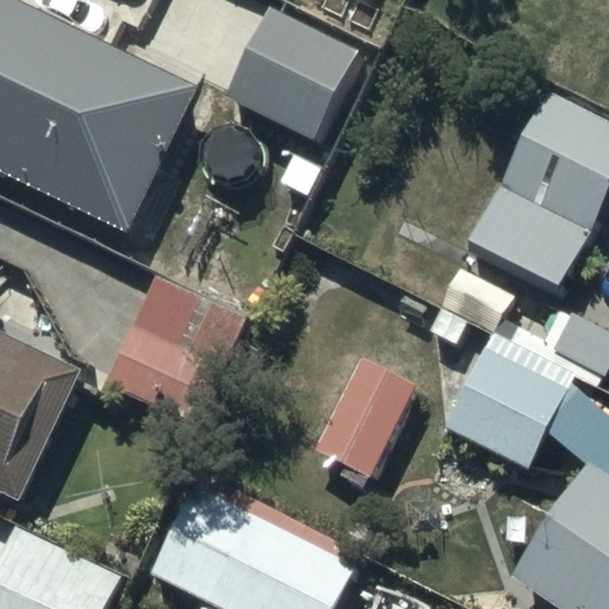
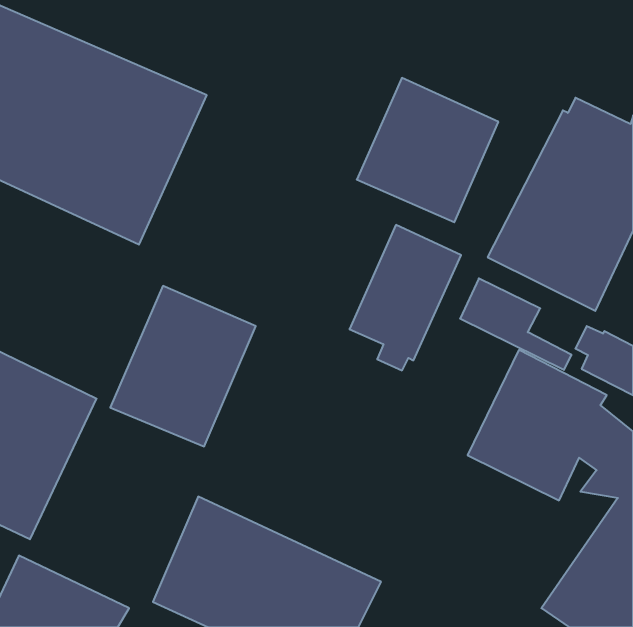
building: [228,6,363,143] -> [357,78,498,222]
building: [314,354,420,492] -> [349,225,461,370]

